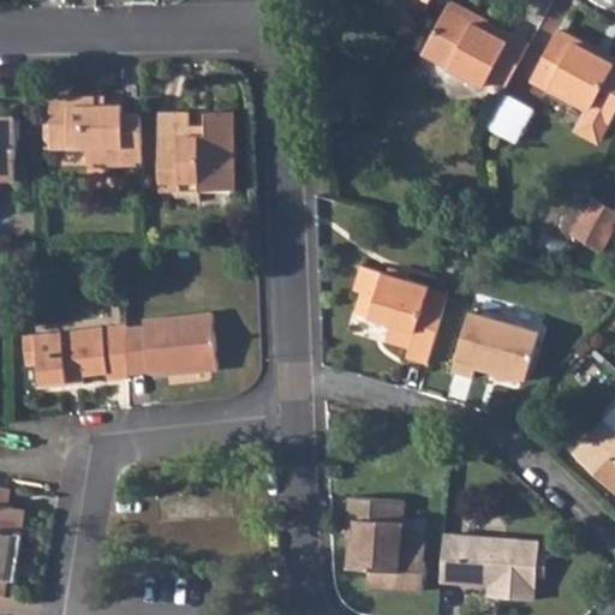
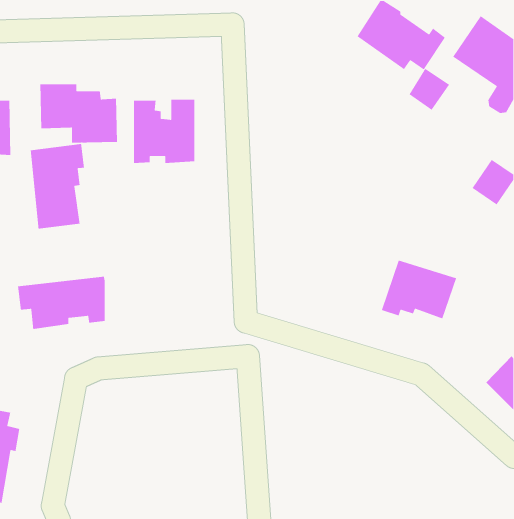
building: none -> [30,143,85,230]
building: [356,261,448,362] -> none
building: [125,318,214,377] -> none
building: [348,500,423,596] -> none
building: [440,535,536,601] -> none

